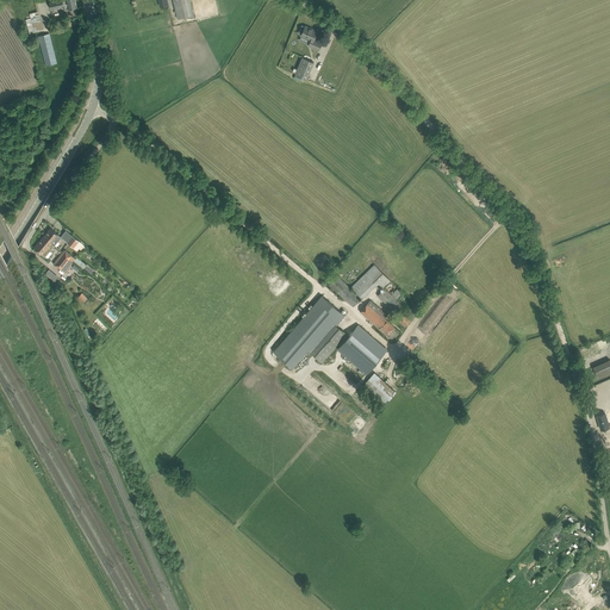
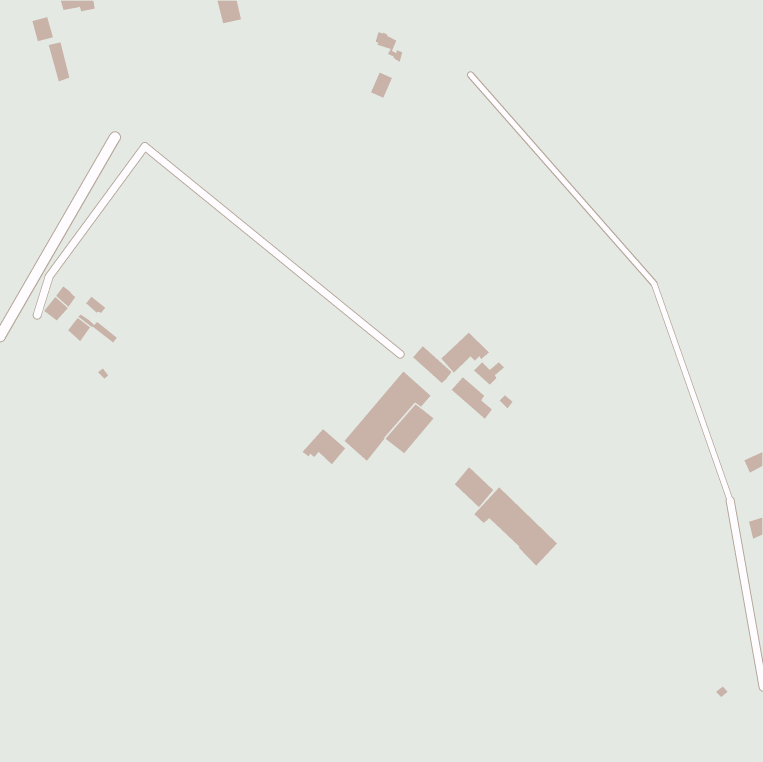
building: [344,326,386,367] -> none
building: none -> [301,428,346,465]
building: none -> [474,487,558,566]

